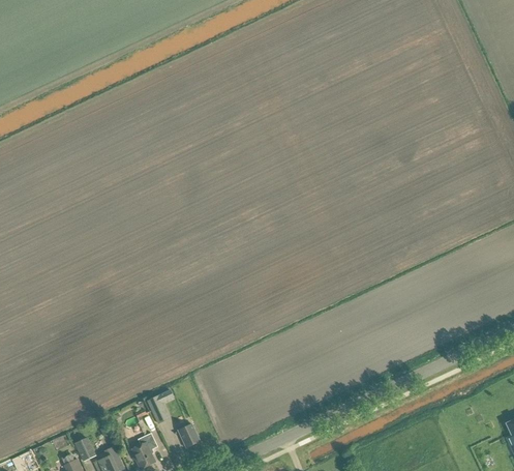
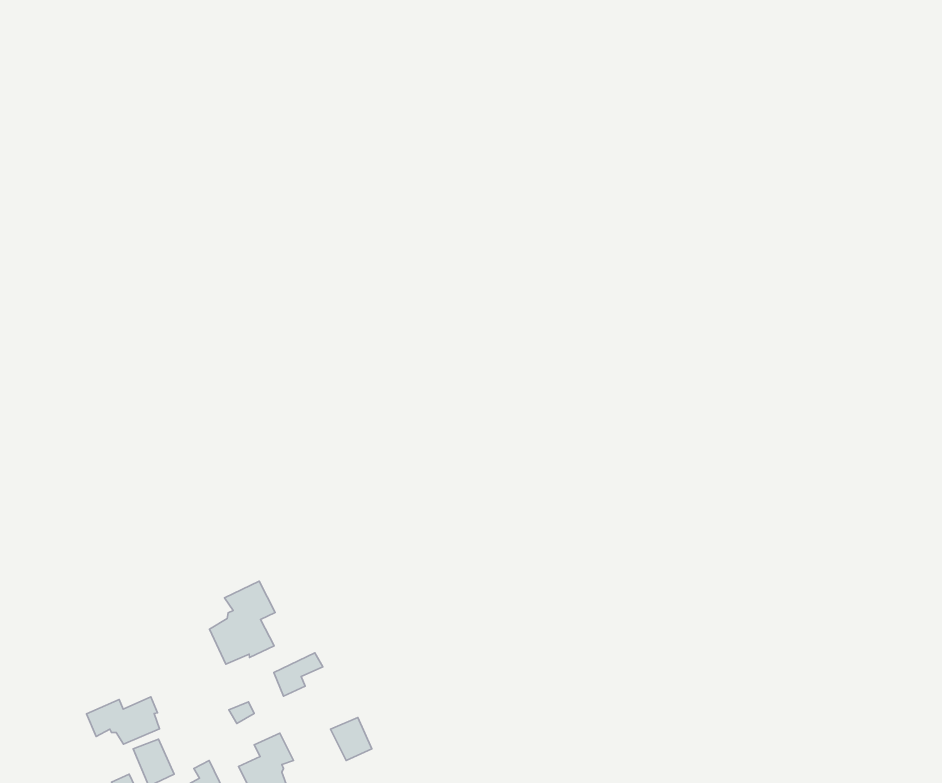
building: none -> [209,581,275,664]
building: none -> [87,697,160,744]

